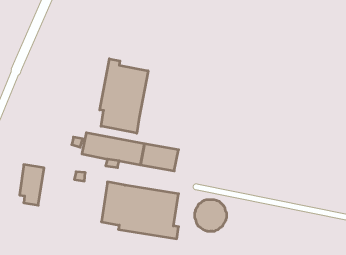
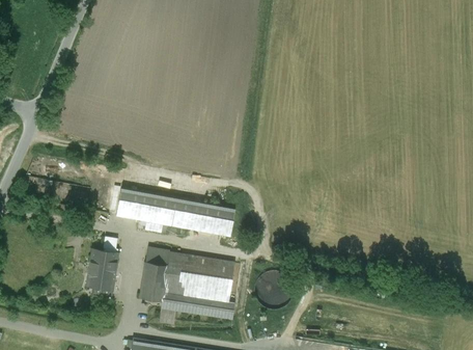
building: [100,59,148,133] -> none
building: [20,165,44,205] -> [87,248,117,298]

